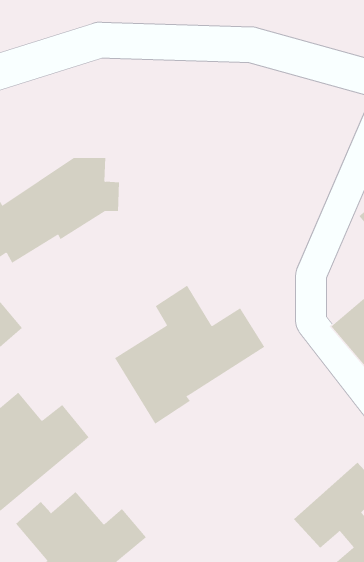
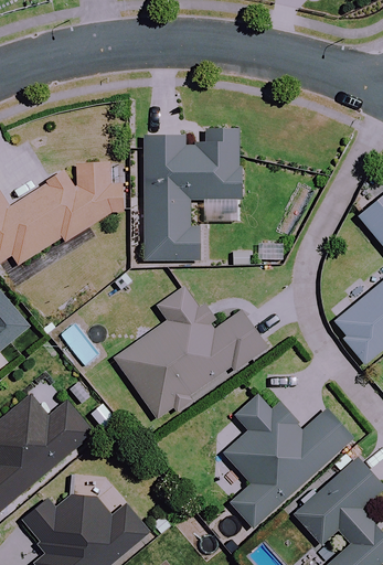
building: none -> [145,131,240,263]
building: none -> [224,394,352,527]

